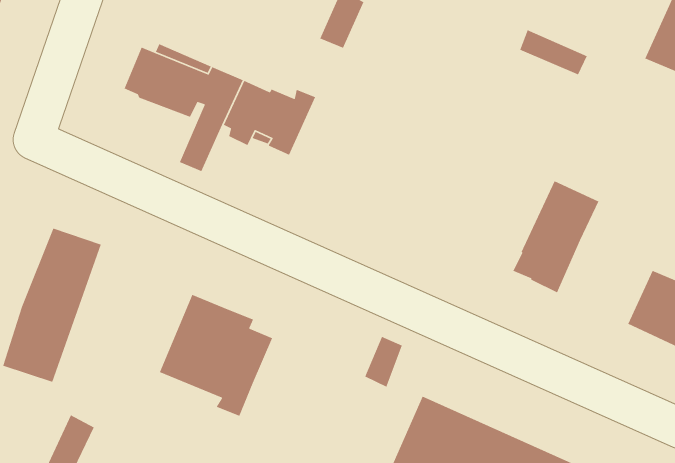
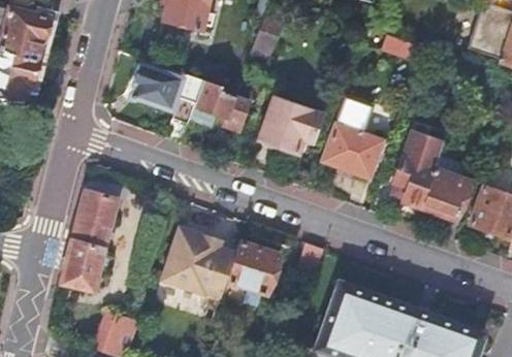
building: none -> [258,98,321,155]
building: none -> [323,98,382,178]
building: none -> [421,170,469,219]
building: none -> [226,242,279,295]

